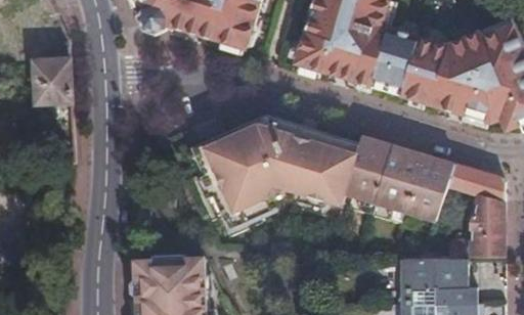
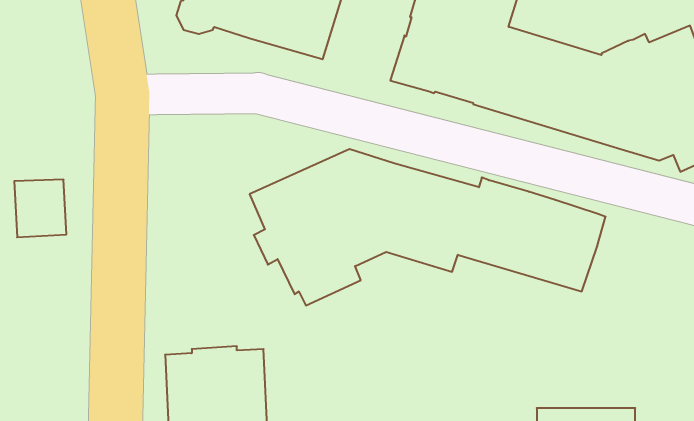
building: [35,59,73,101] -> [14,180,66,237]
building: [445,163,504,254] -> none
building: [400,254,473,302] -> none

